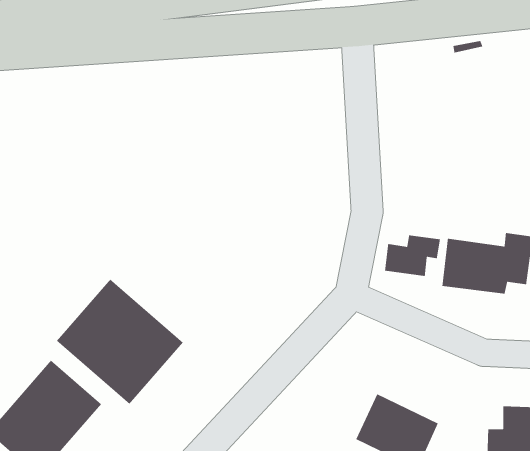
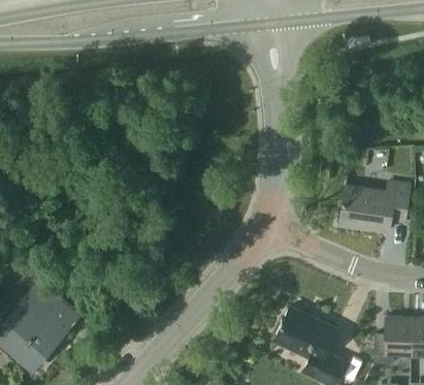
building: [384,235,441,277] -> none
building: [56,278,184,405] -> none

